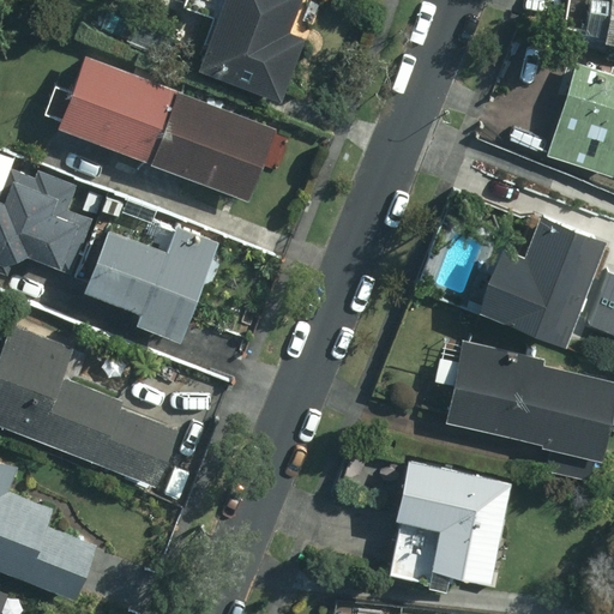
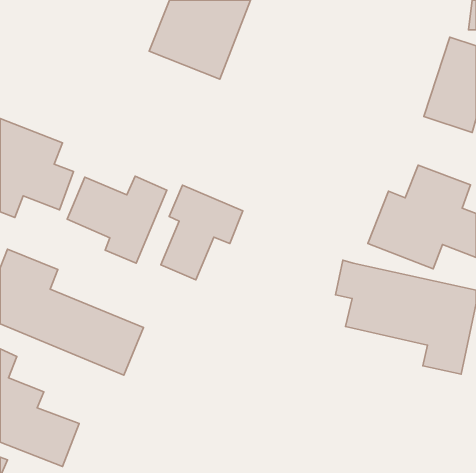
building: [64,56,273,200] -> none
building: none -> [161,185,243,280]
building: [392,457,507,582] -> none

